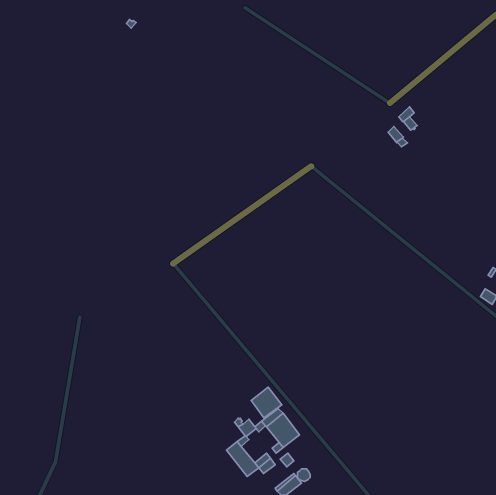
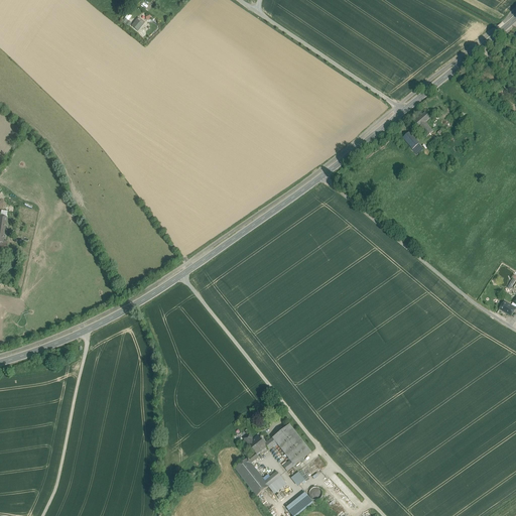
building: [251,387,282,418] -> none

